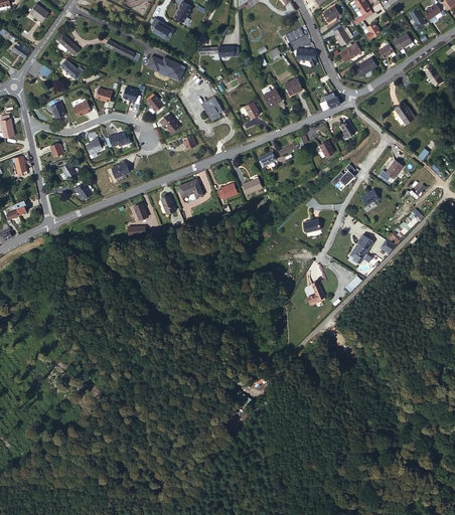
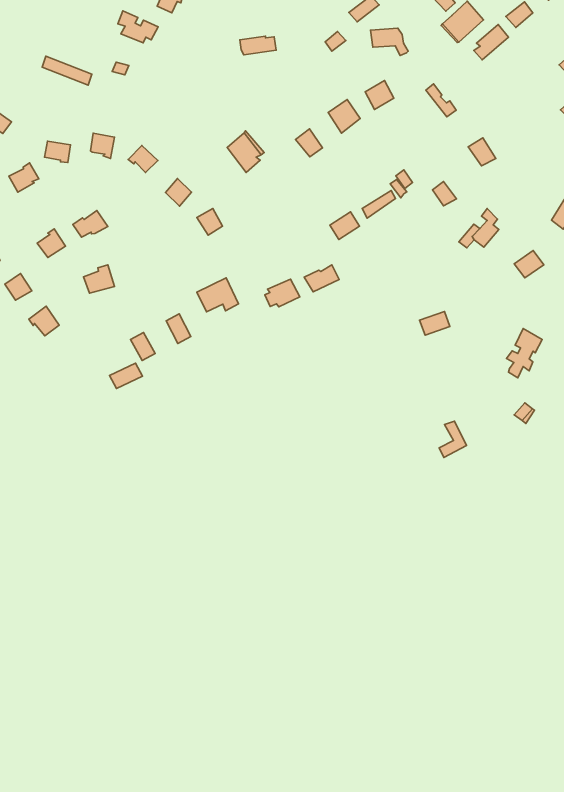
building: [153,57,189,82] -> none

